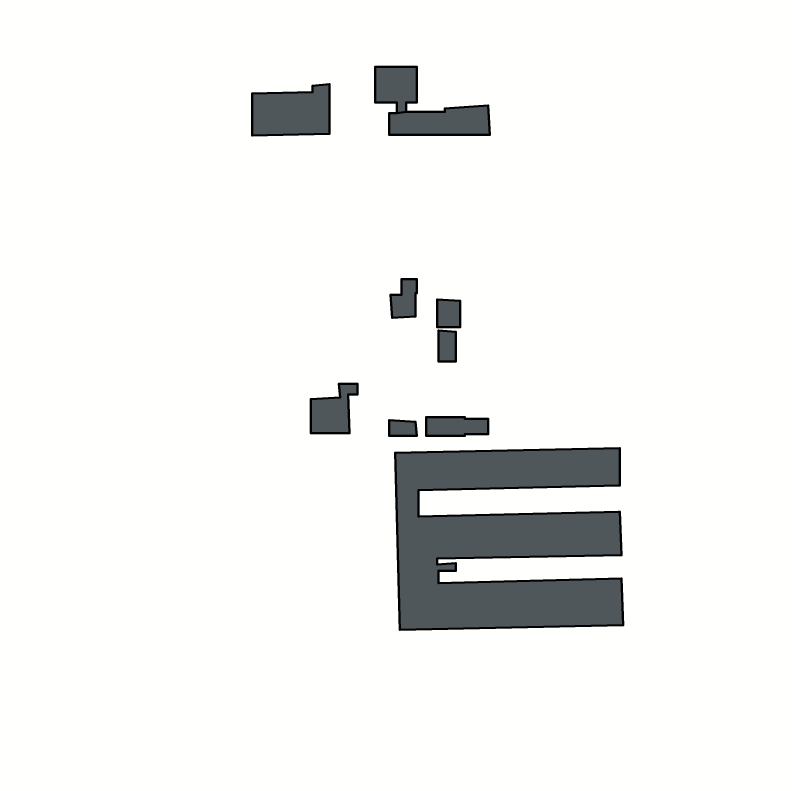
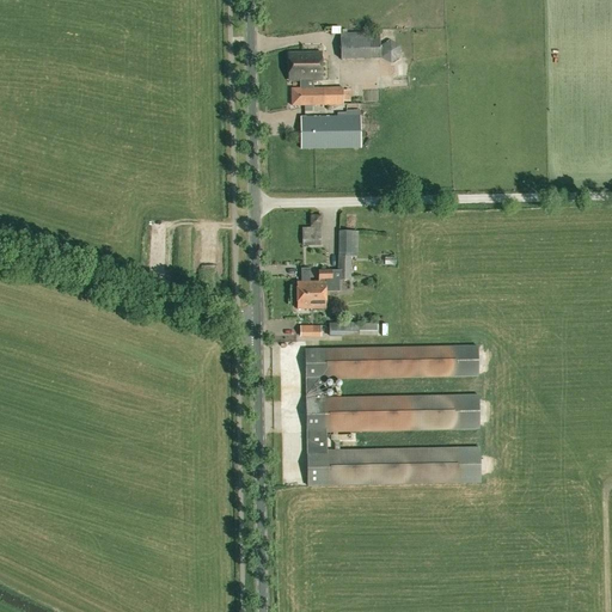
building: none -> [341,31,402,62]
building: [252,84,330,135] -> [300,109,360,148]
building: [311,384,357,433] -> [296,269,332,307]

